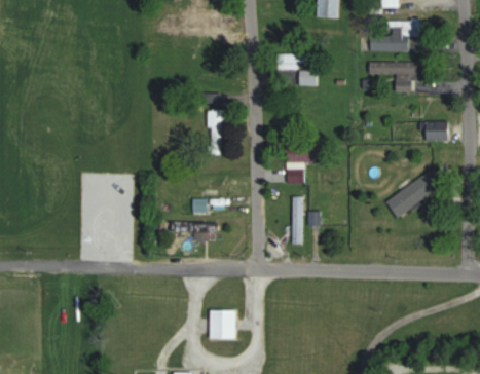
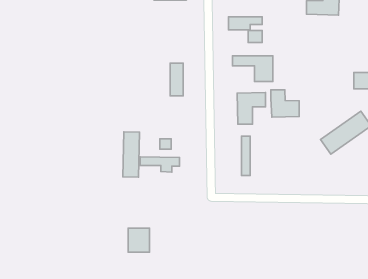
building: [368,62,416,92] -> [232,56,273,81]
building: none -> [271,90,299,117]
building: none -> [123,132,139,177]
building: [210,310,235,339] -> [128,228,149,252]

